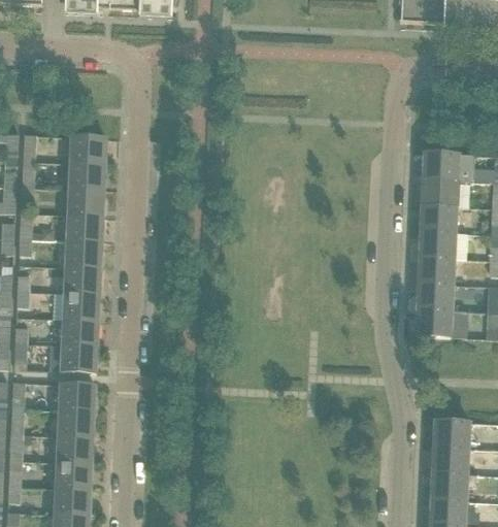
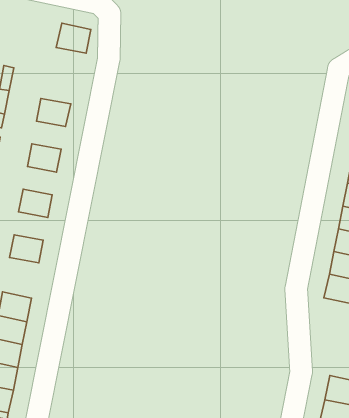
building: [70,133,105,162] -> [56,23,91,53]
building: [68,187,102,213] -> none
building: [66,238,100,265] -> none
building: [64,290,98,317] -> none
building: [61,341,96,370] -> none

